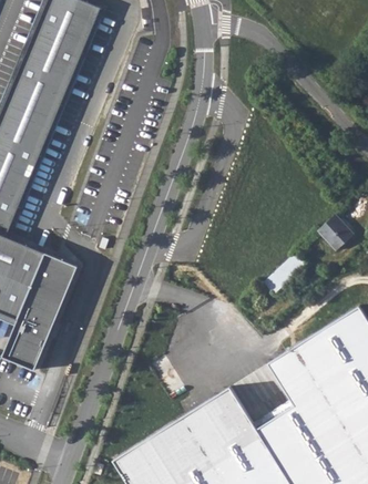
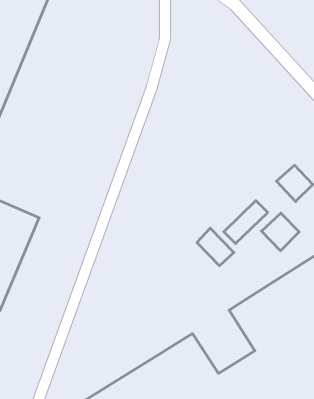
building: none -> [261,213,299,251]
building: none -> [197,228,234,266]

